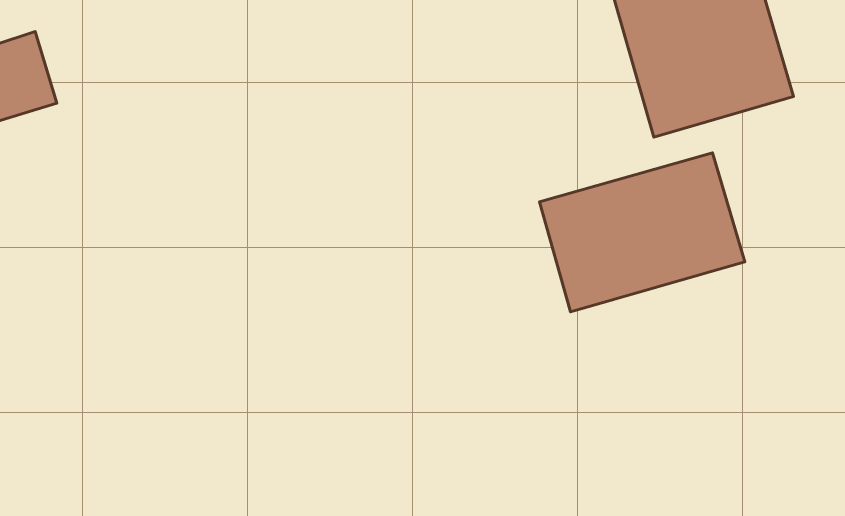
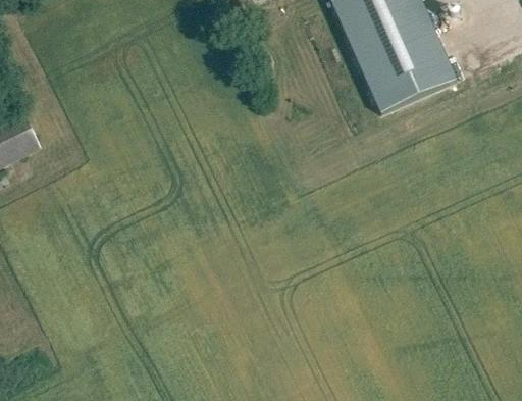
building: [540,153,745,312] -> none

